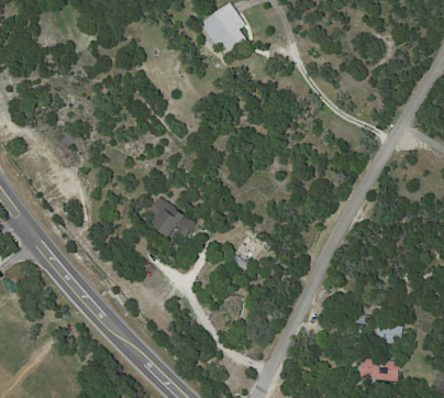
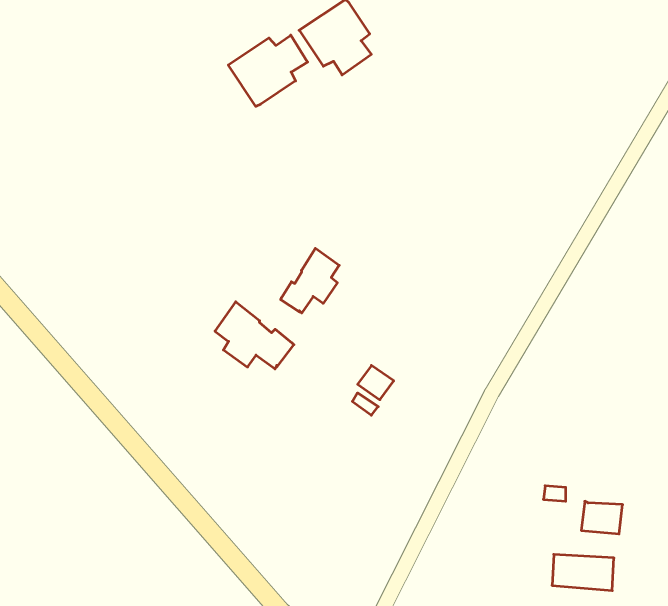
building: none -> [228,35,308,106]
building: none -> [281,248,339,313]

